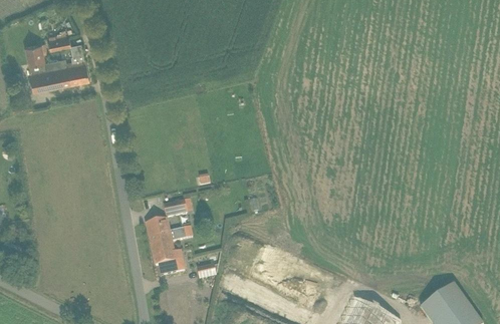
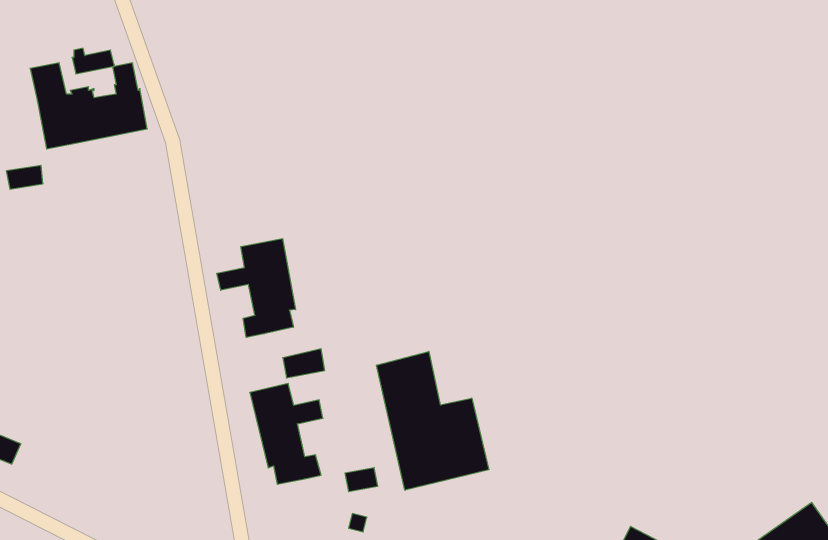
building: none -> [217,239,296,337]
building: none -> [377,351,489,490]

